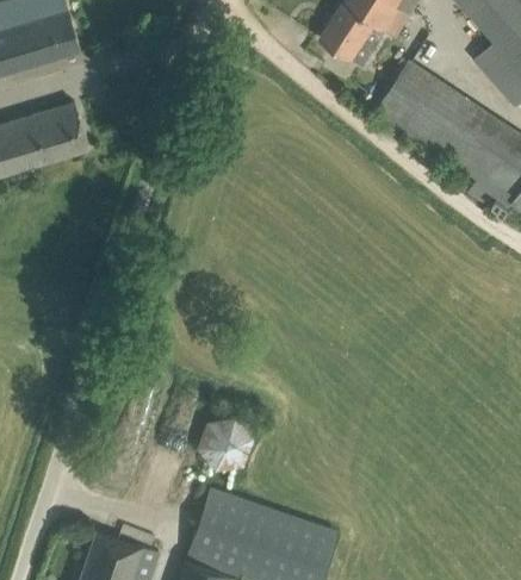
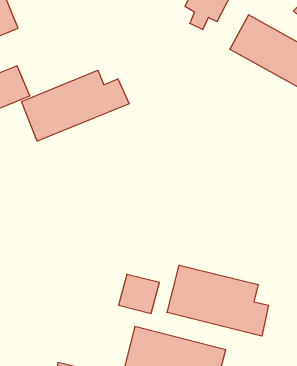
building: none -> [21,70,129,141]
building: none -> [167,265,269,336]

